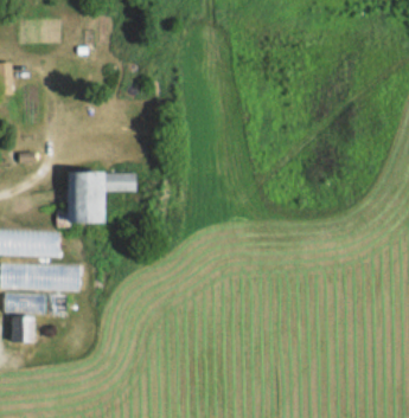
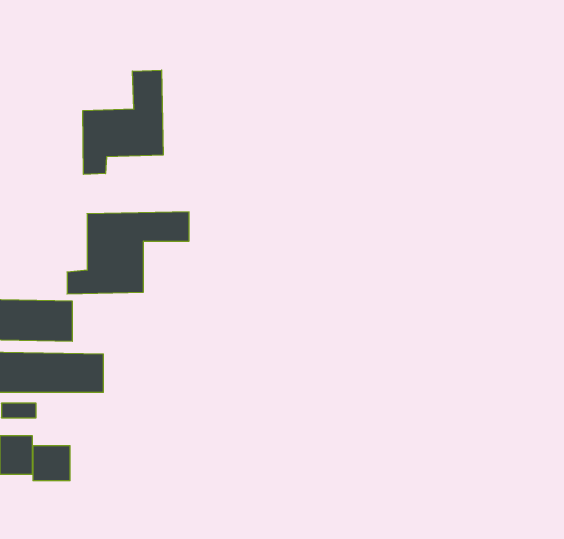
building: none -> [83,70,163,174]
building: none -> [33,446,70,481]

